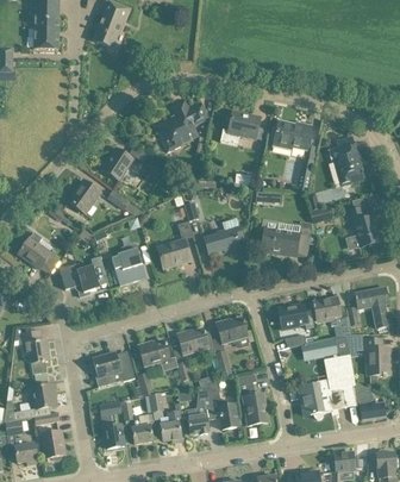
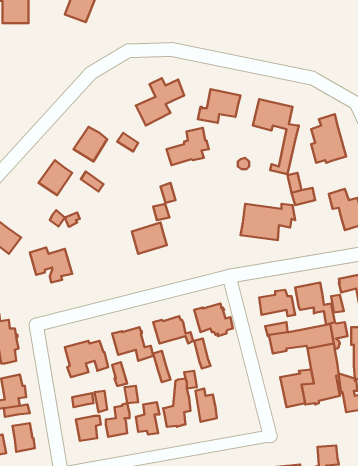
building: [204,218,244,253] -> [167,128,209,165]
building: [112,243,151,284] -> none
building: [236,374,268,425] -> none

